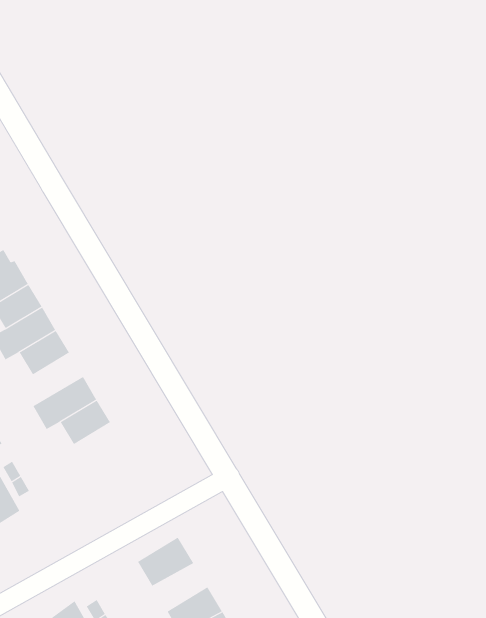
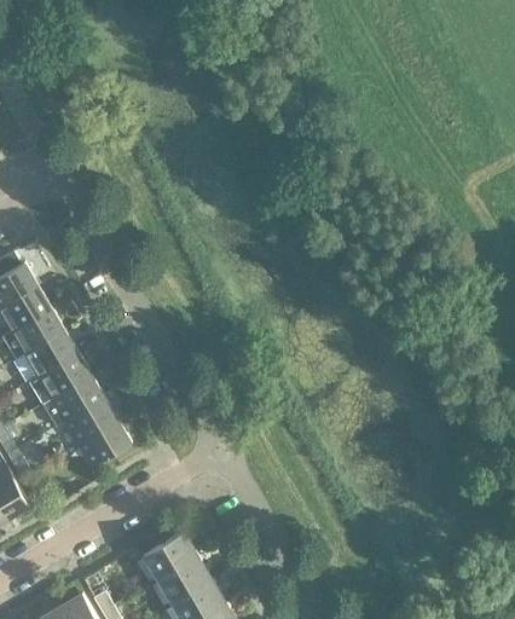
building: none -> [28,353,91,405]
building: none -> [81,421,131,468]
building: none -> [157,557,212,604]

